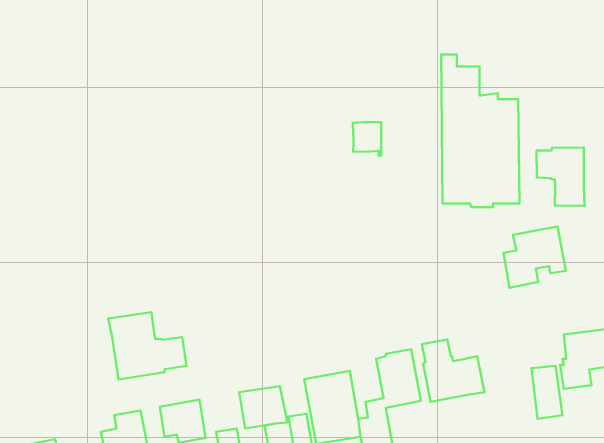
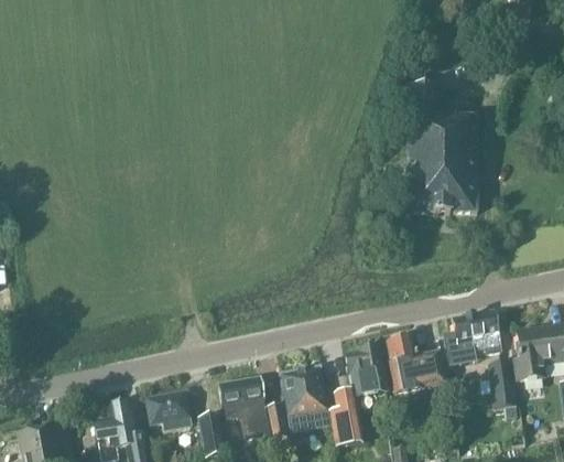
building: [353,122,381,156] -> none
building: [537,148,585,206] -> none
building: [503,226,566,288] -> [442,309,499,365]
building: [108,312,187,379] -> none

